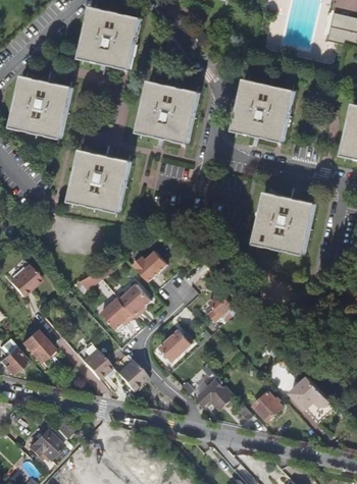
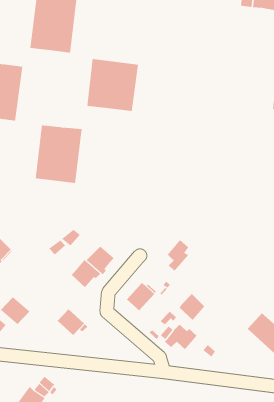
building: [233,79,295,143] -> none
building: [252,192,314,254] -> none
building: [133,251,167,281] -> none
building: [116,362,147,392] -> none
building: [254,391,284,422] -> [178,293,205,321]

